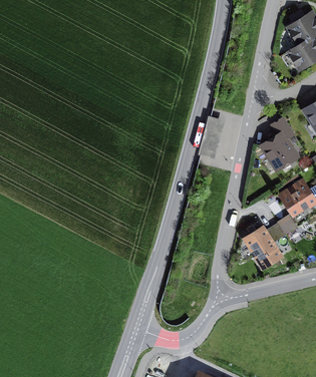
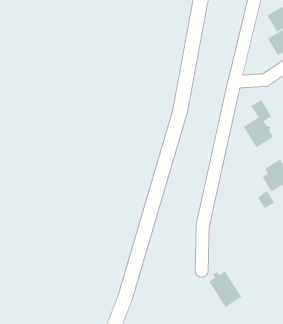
building: [244,228,280,268] -> [208,271,242,308]

